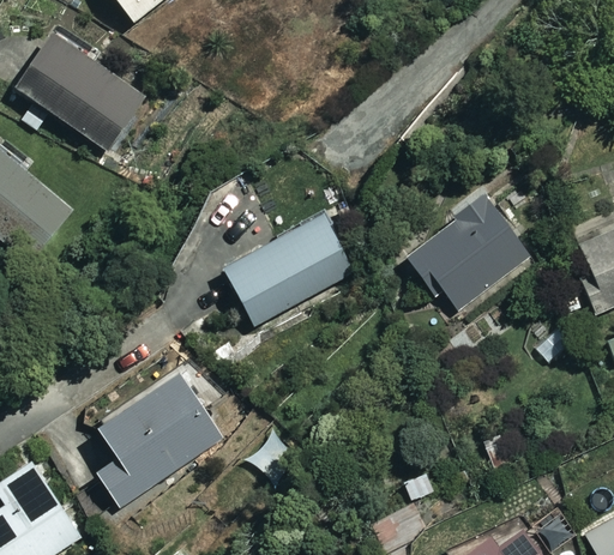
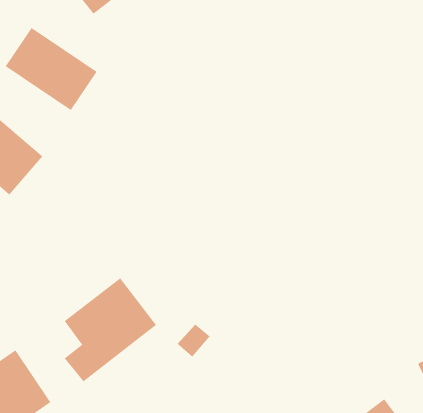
building: [408,198,529,314] -> none
building: [227,216,351,320] -> none

